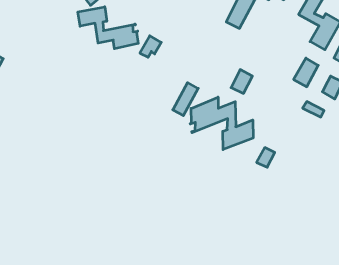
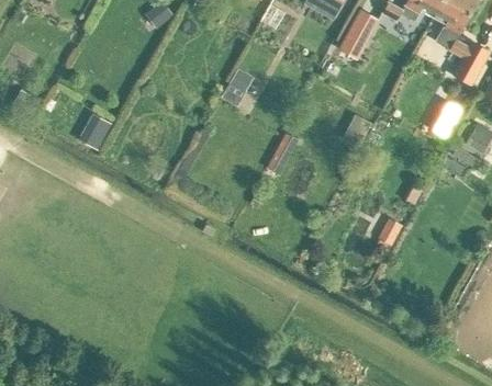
building: [78,7,138,49] -> none
building: none -> [78,110,112,146]
building: [190,97,253,150] -> none

